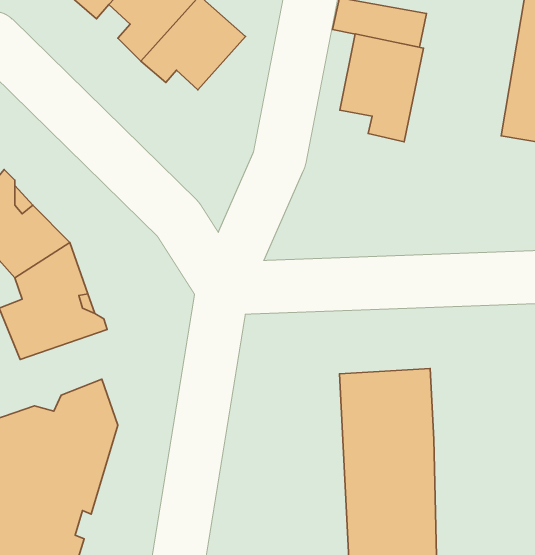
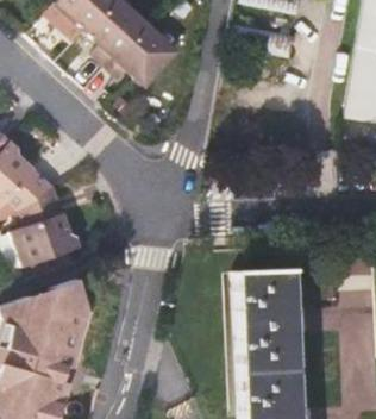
building: [340,34,423,142] -> none

